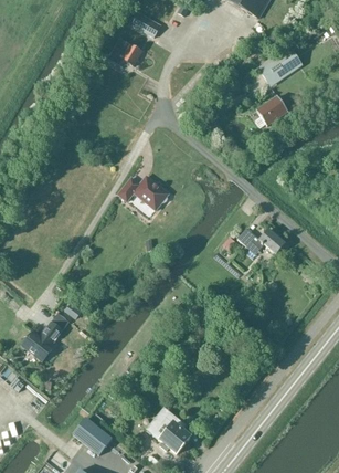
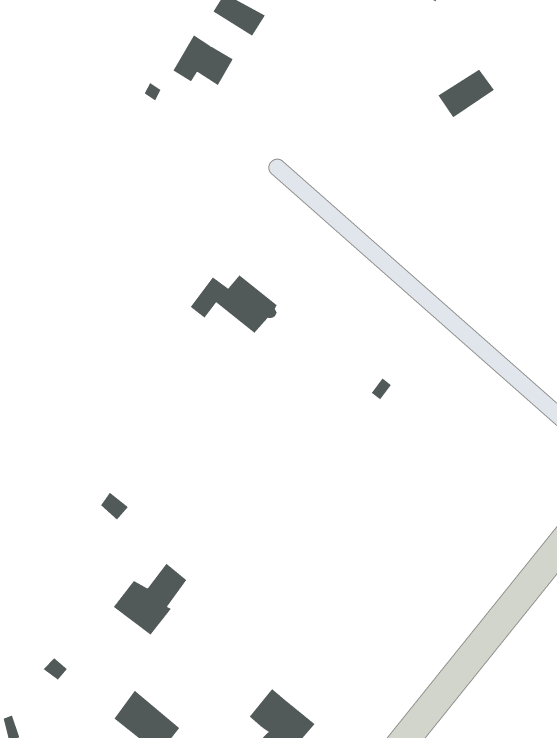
building: [255,96,287,127] -> none
building: [236,228,285,254] -> none
building: [20,319,63,361] -> [113,563,187,635]

